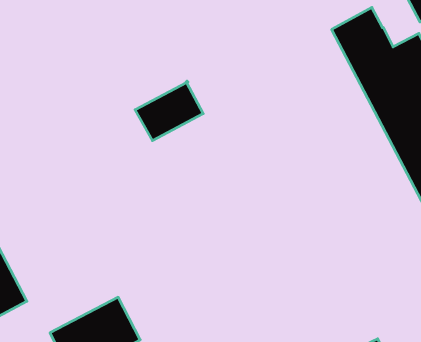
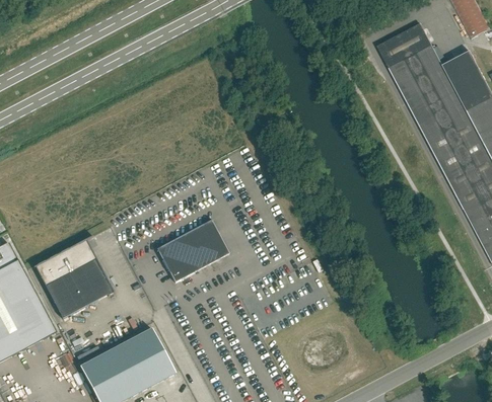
building: [135,81,203,141] -> [157,219,229,282]
building: none -> [33,239,115,318]

